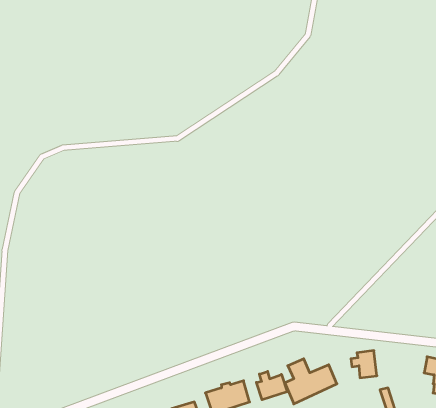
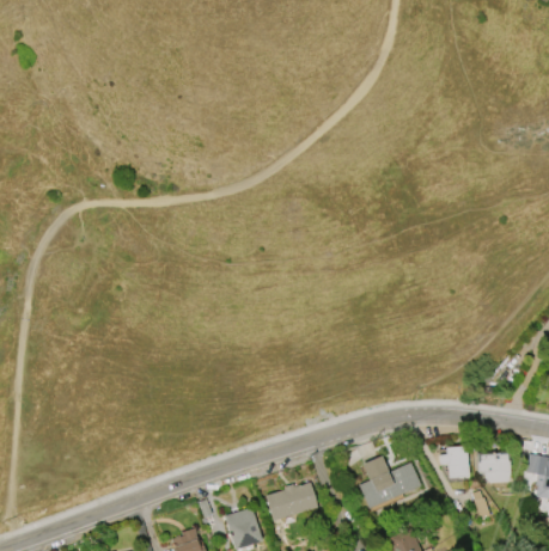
building: none -> [477,452,510,484]
building: [256,371,287,400] -> none

